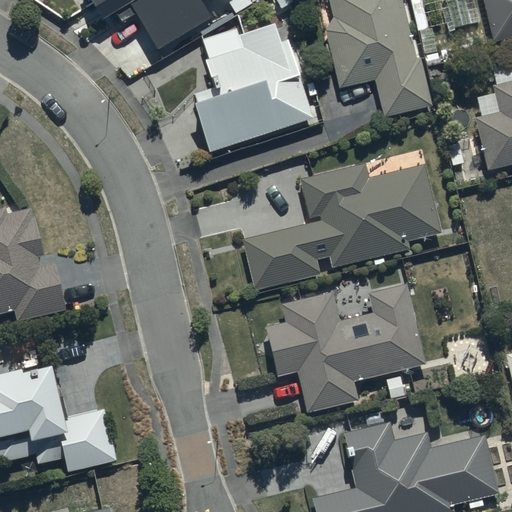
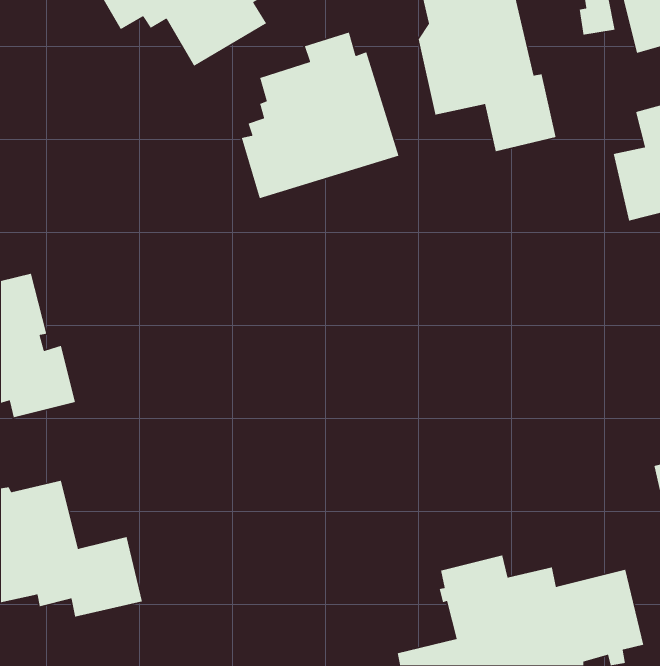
building: [241,163,441,292] -> none
building: [265,284,426,414] -> none

